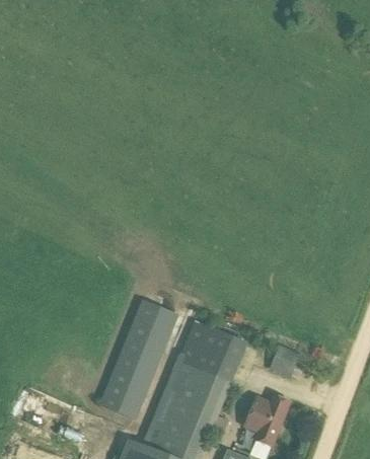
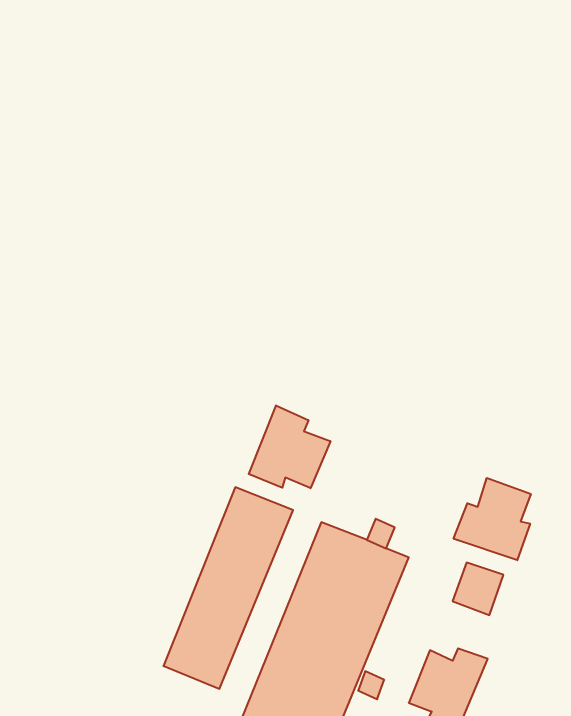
building: none -> [249,405,330,488]
building: none -> [454,478,531,560]

